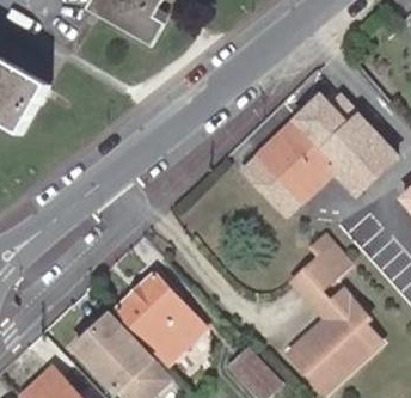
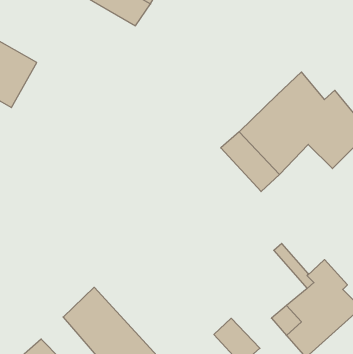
building: [303,234,351,288] -> none
building: [119,274,210,363] -> none

